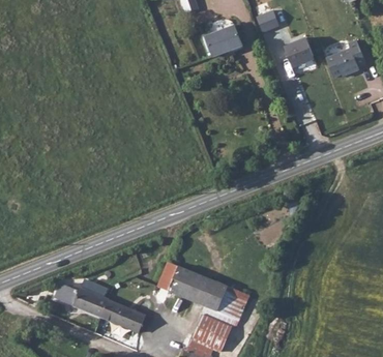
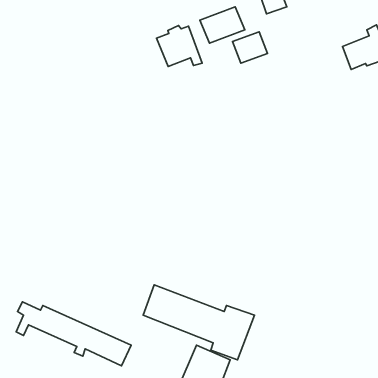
building: [284,37,314,64] -> [232,32,267,63]
building: none -> [156,25,202,67]

